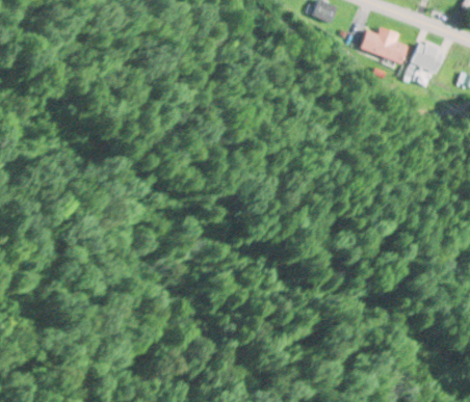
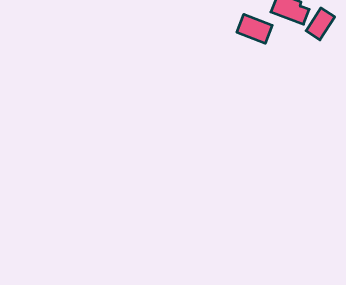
building: none -> [237,14,272,43]

